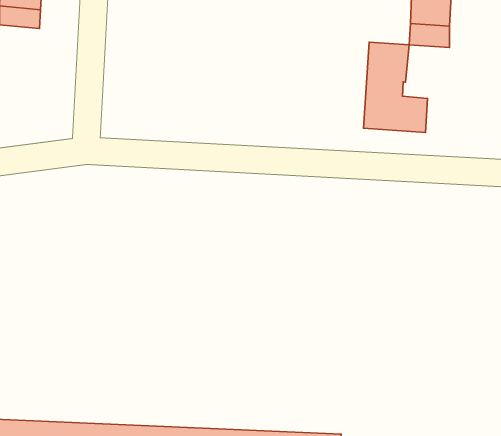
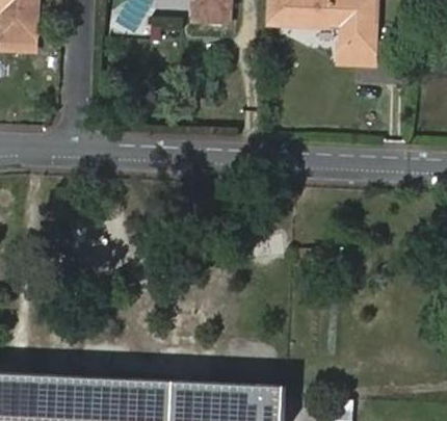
building: [363,42,428,133] -> none

